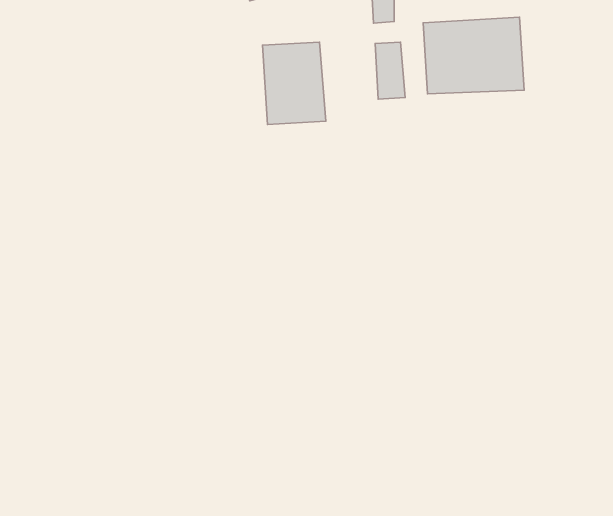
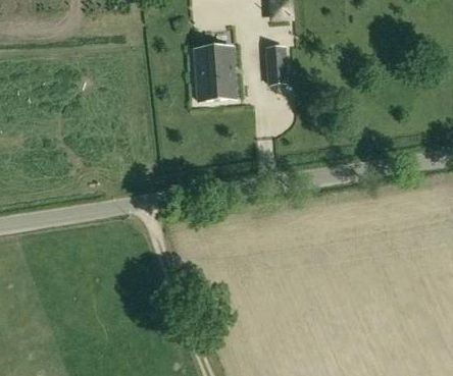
building: [423,17,524,94] -> none

